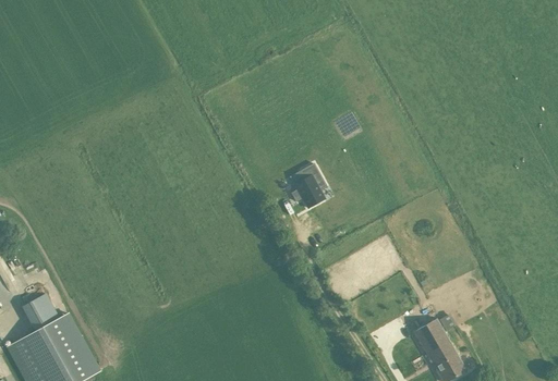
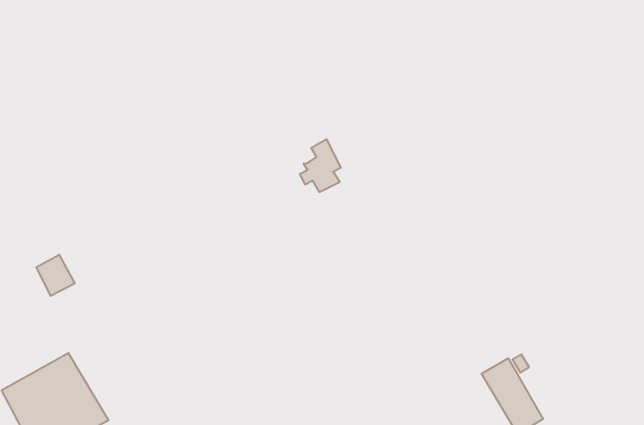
building: [290,162,325,207] -> [300,139,341,192]
building: [25,292,58,327] -> [36,255,75,296]

